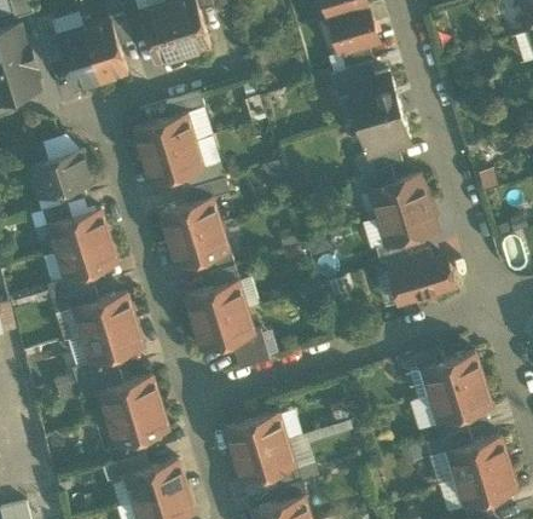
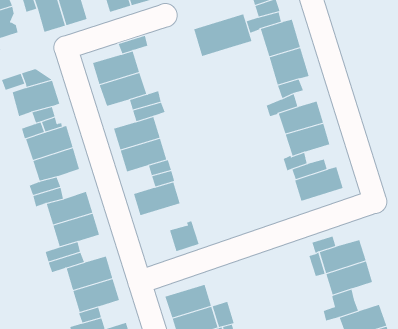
building: none -> [193,13,252,57]
building: [193,308,254,352] -> none

